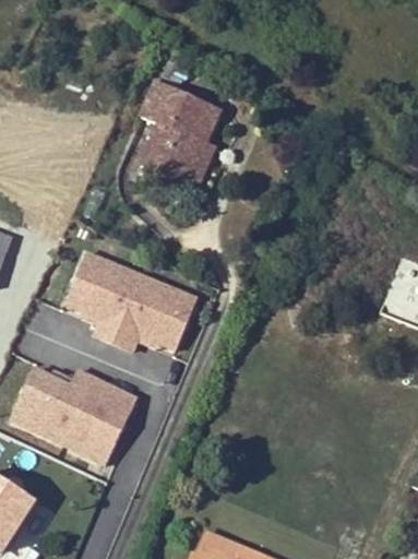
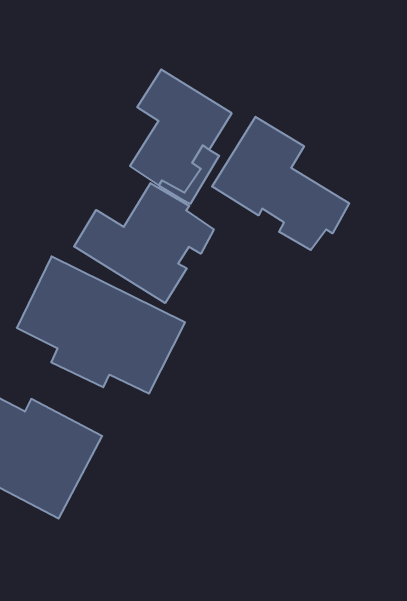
building: none -> [212,117,349,250]
building: none -> [74,183,214,303]

